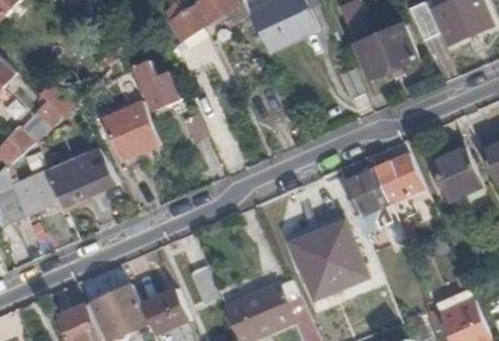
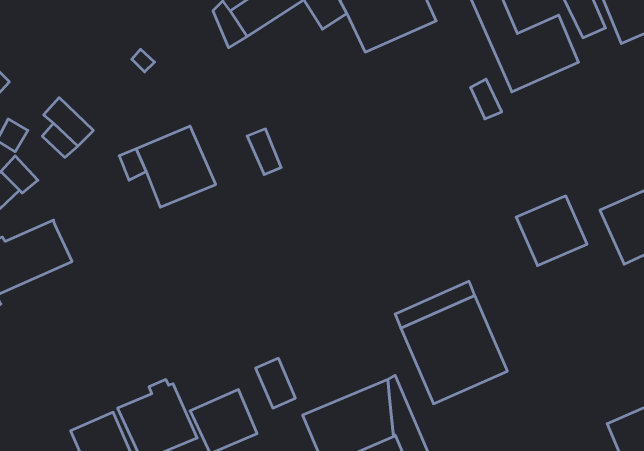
building: [135,61,181,110] -> none
building: [46,155,117,207] -> none
building: [342,167,390,239] -> none

